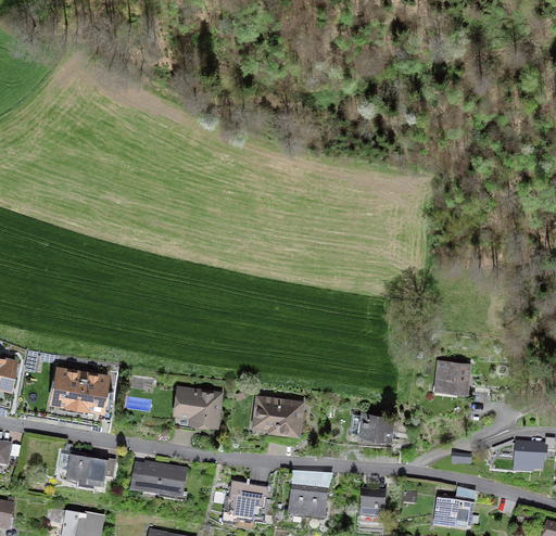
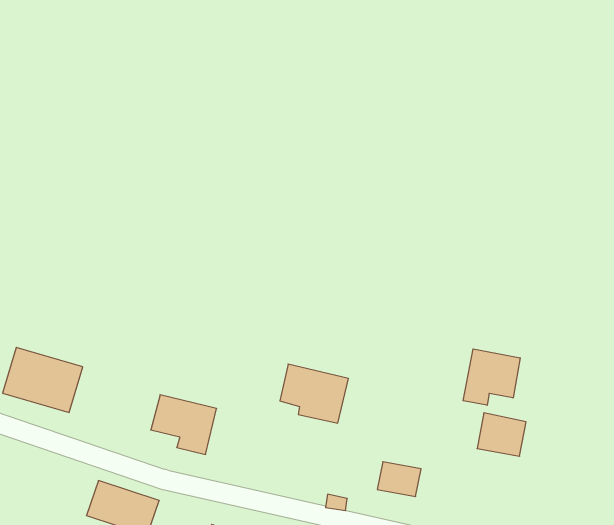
building: none -> [463,349,520,405]
building: [252,395,304,436] -> [280,364,348,423]
building: [66,456,106,485] -> none

